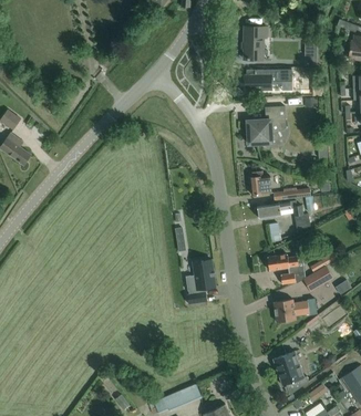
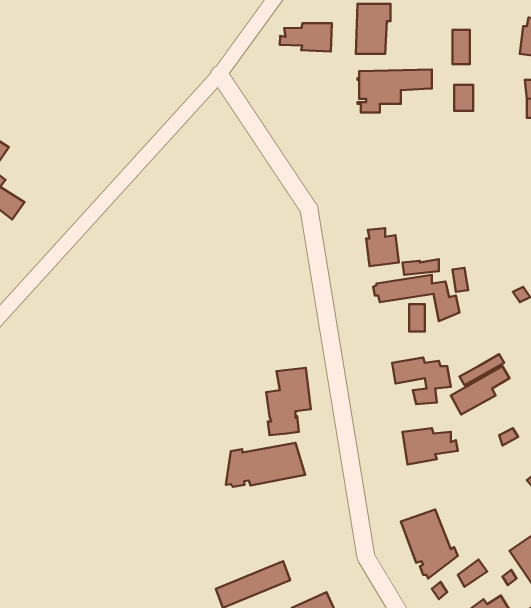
building: none -> [280,23,332,52]
building: [247,105,286,144] -> none
building: none -> [226,443,305,487]

